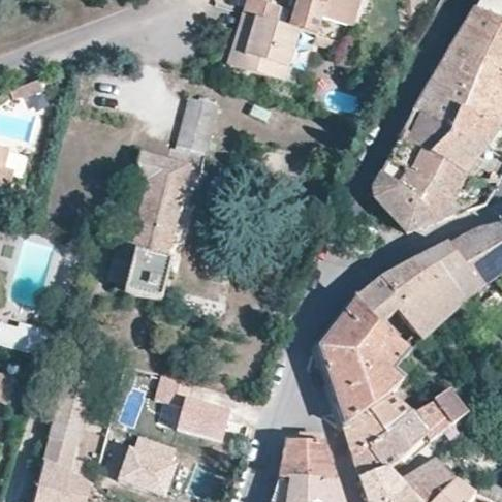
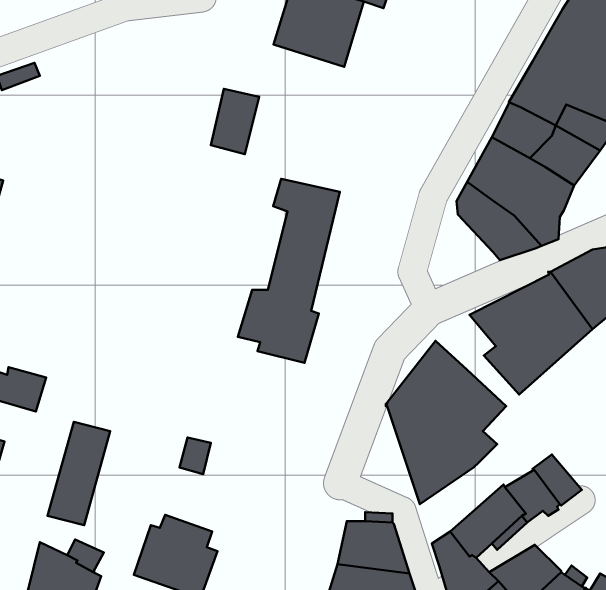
building: [108,154,189,300] -> [238,179,340,363]
building: [356,277,404,320] -> none
building: [344,394,410,458] -> none
building: [177,397,230,441] -> none

